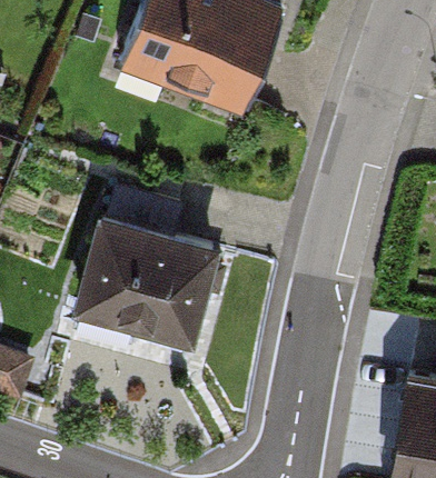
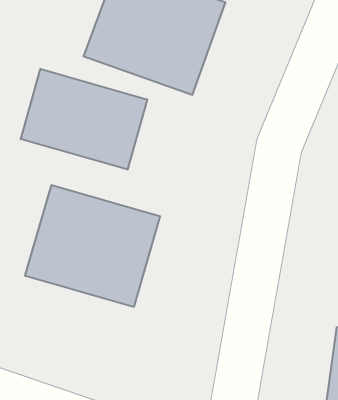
building: none -> [21,69,147,170]

